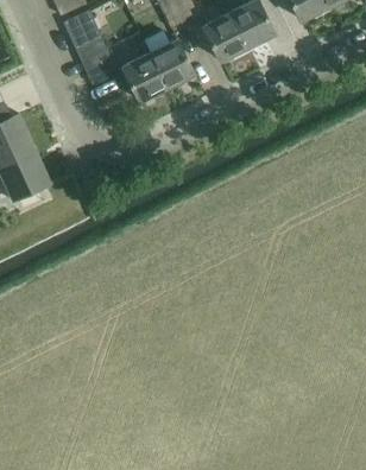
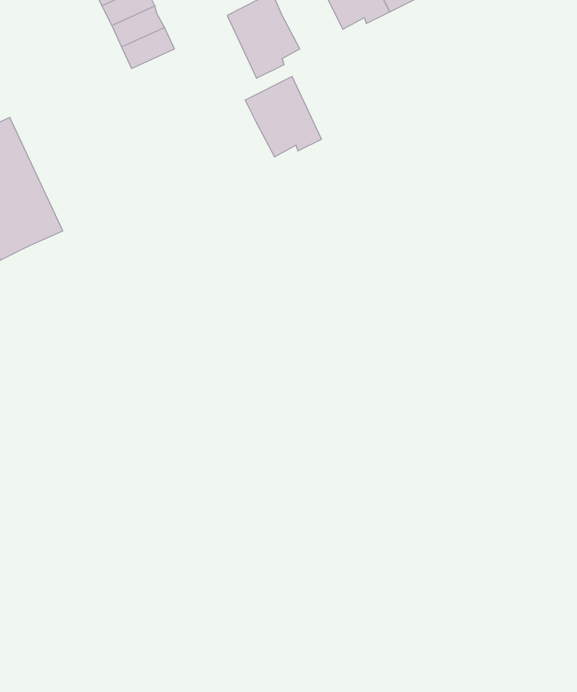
building: [121,51,168,100] -> [245,77,321,157]

